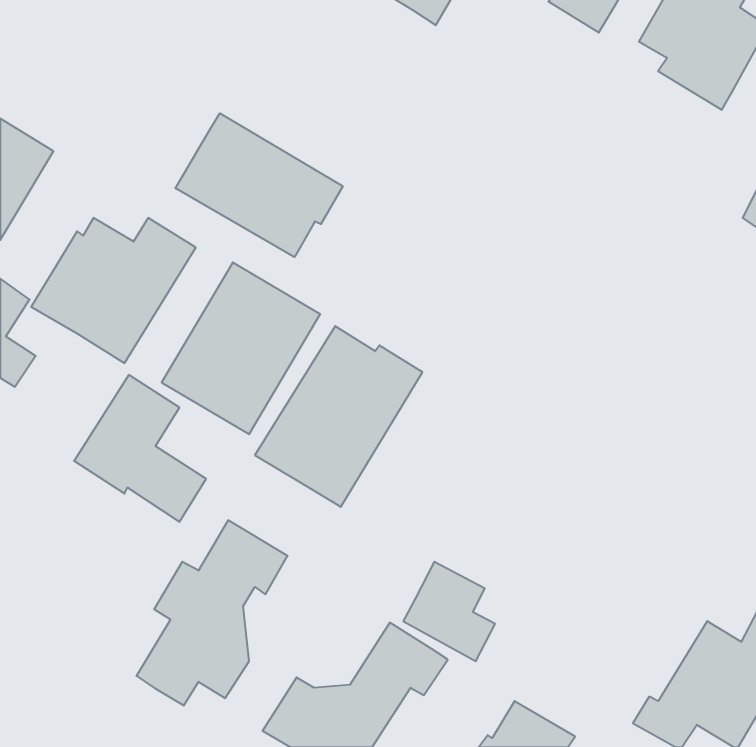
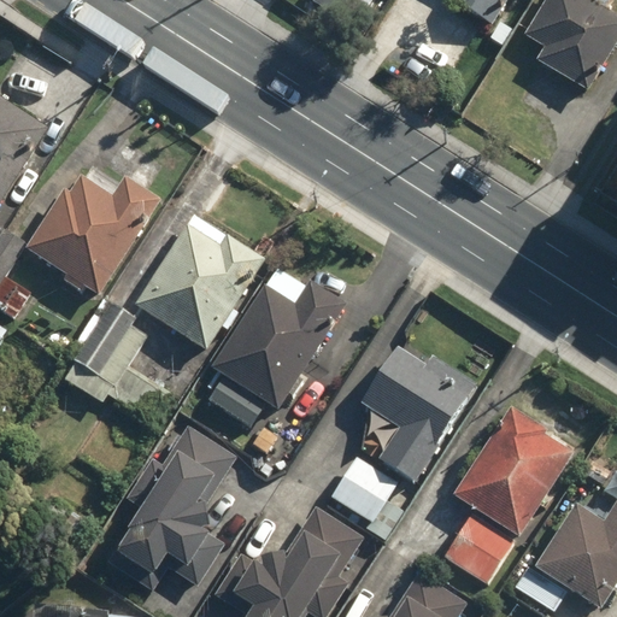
building: [175,113,343,257] -> none
building: none -> [355,343,476,482]
building: none -> [441,404,571,587]

